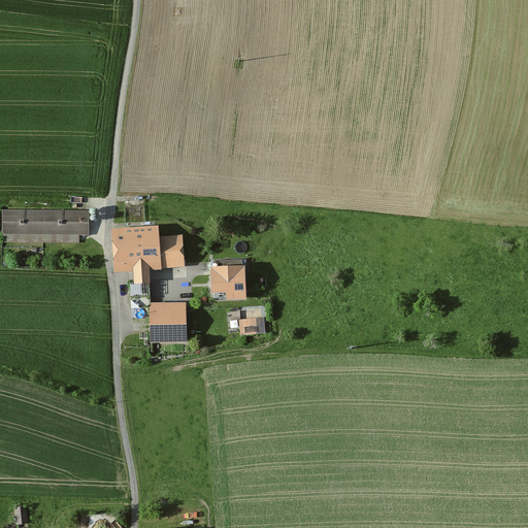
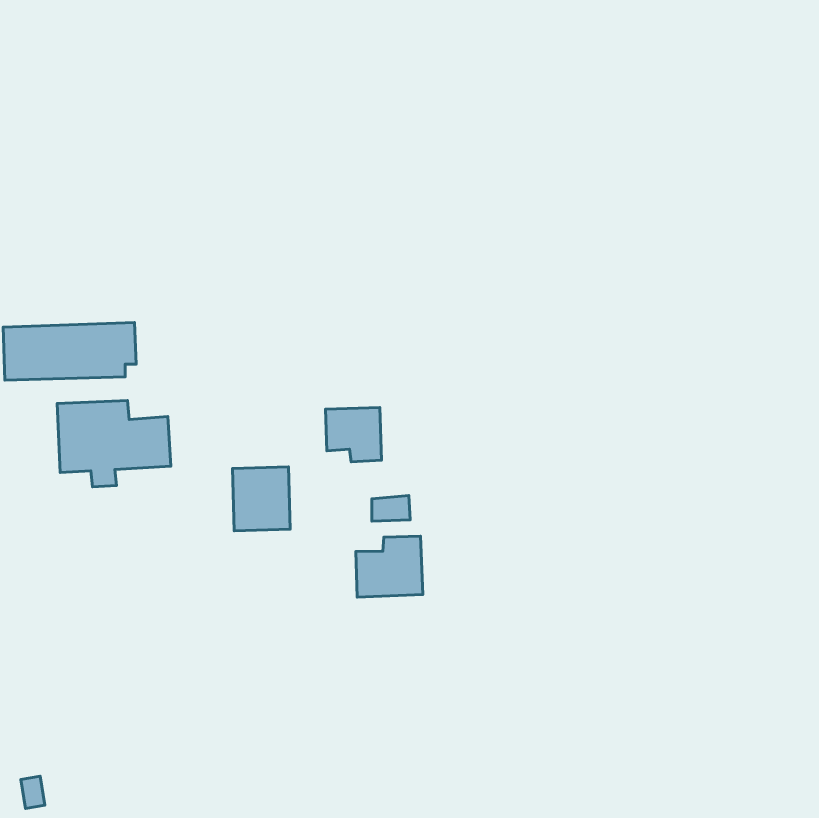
building: [112,224,186,279] -> [57,400,171,487]
building: none -> [356,536,423,597]

